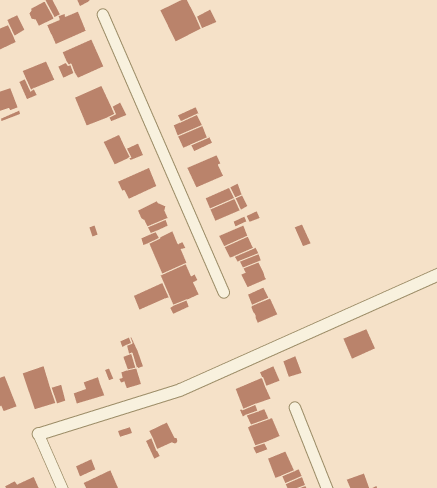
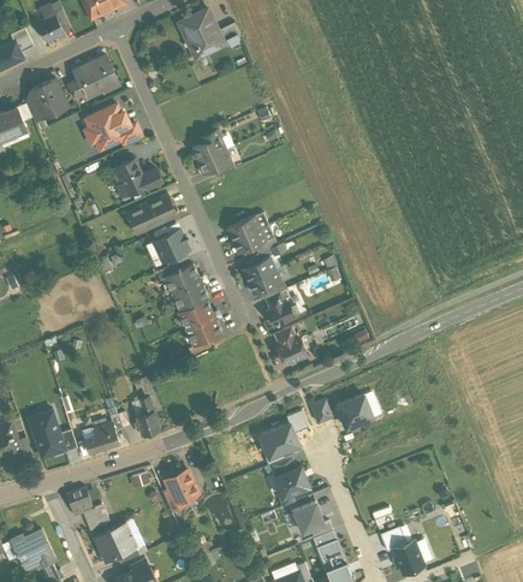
building: [46,11,87,45] -> none
building: [187,154,224,188] -> none
building: [133,282,169,311] -> none
building: [343,329,376,360] -> [335,394,372,428]
building: none -> [65,487,103,518]

